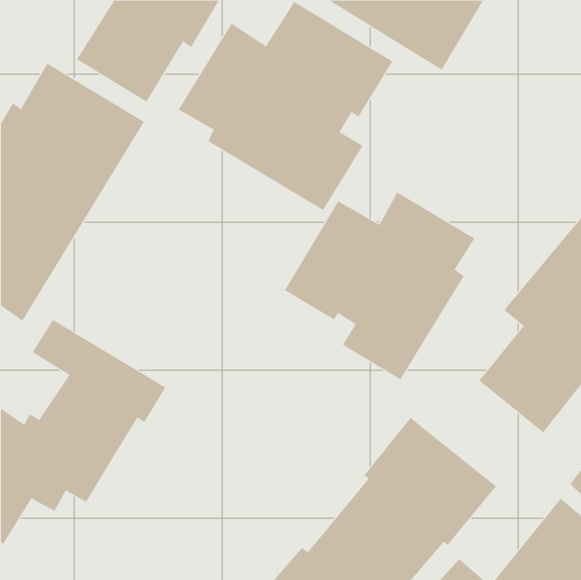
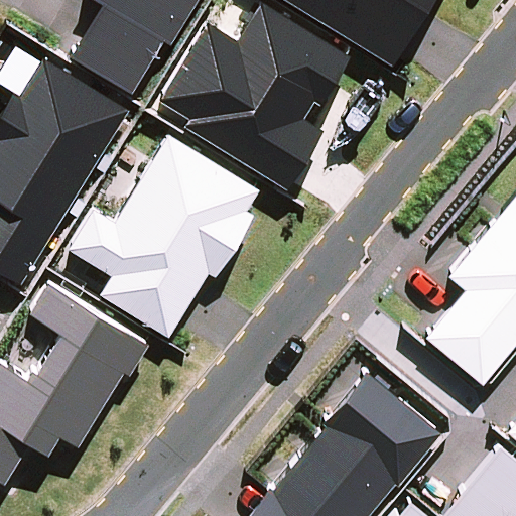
building: none -> [68,134,259,337]
building: [284,192,475,380] -> none

